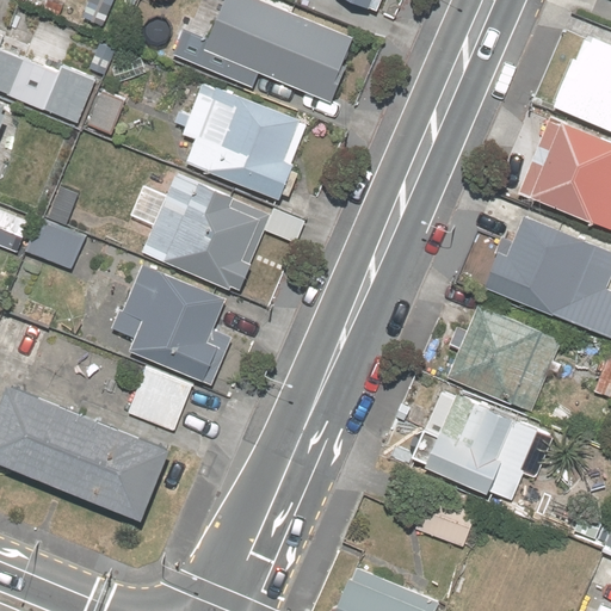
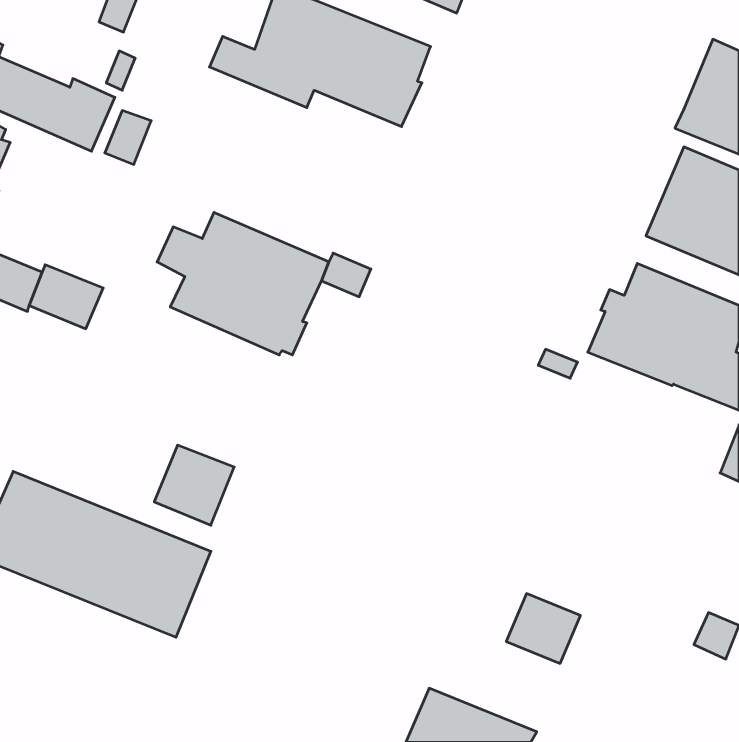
building: [173,82,306,200] -> none
building: [110,264,232,385] -> none
building: [445,300,562,412] -> none
building: [412,389,553,498] -> none

